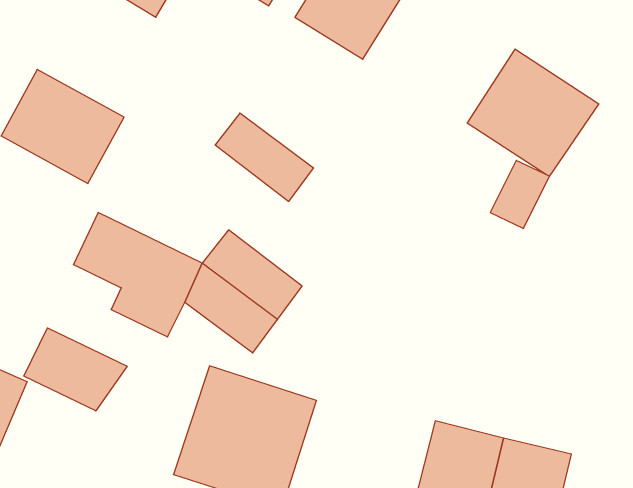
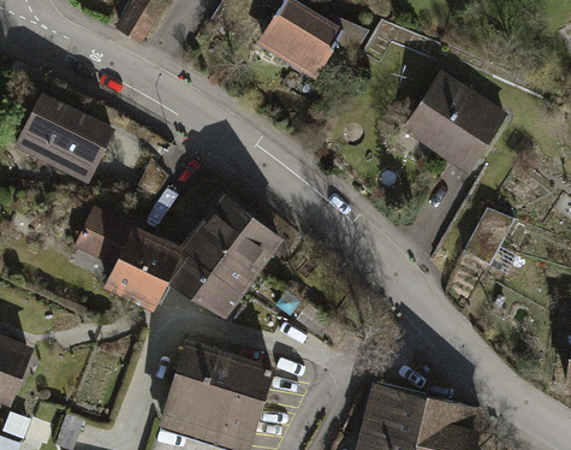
building: [215,113,314,201] -> [202,194,284,267]
building: [490,160,550,228] -> [464,209,513,266]
building: [24,328,127,411] -> none

